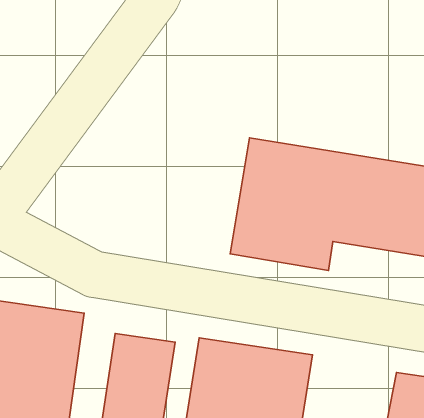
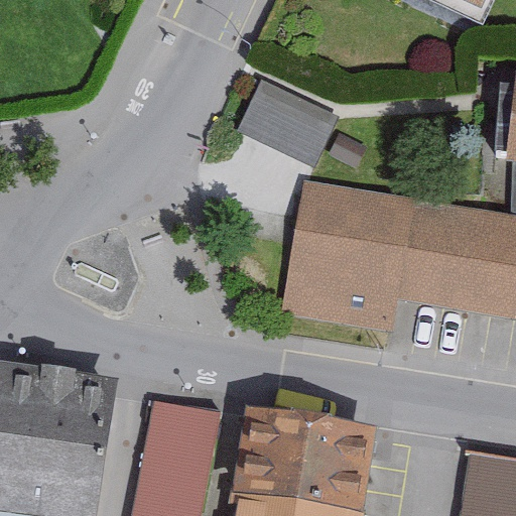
building: none -> [245,68,344,151]

